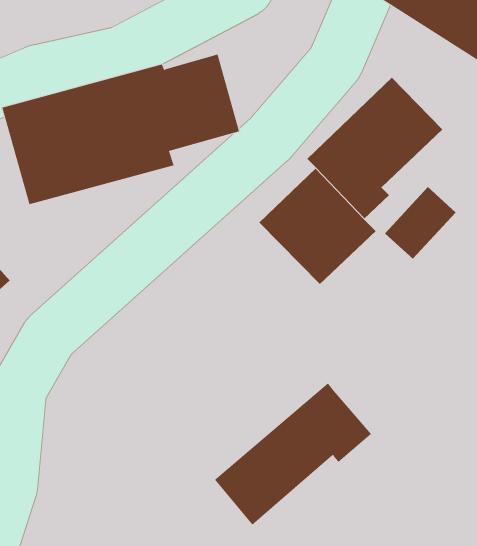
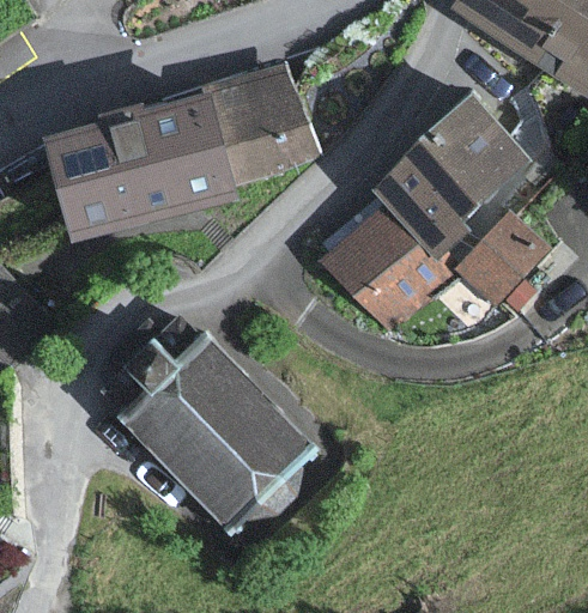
building: none -> [127,339,317,535]
building: [214,382,372,526] -> none

